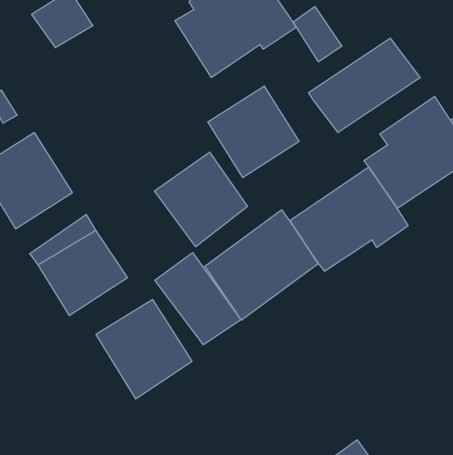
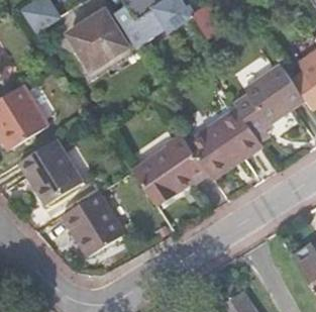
building: [308,38,420,133] -> none
building: [208,86,299,177] -> [68,12,126,71]
building: [155,152,248,247] -> none
building: [155,253,241,345] -> none

